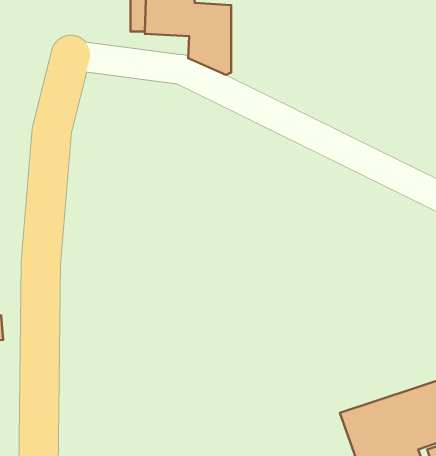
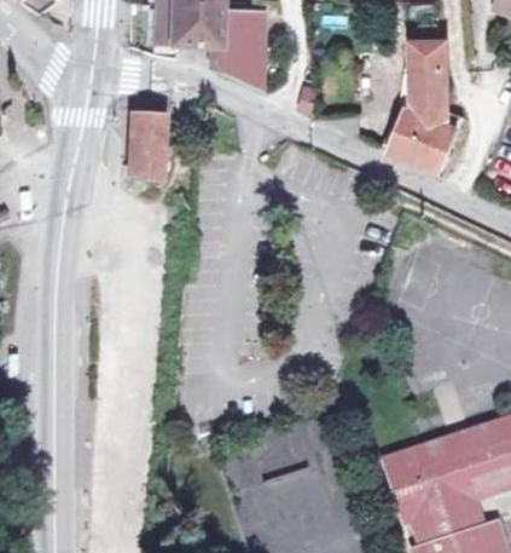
building: none -> [384,39,464,172]
building: none -> [129,115,162,177]

